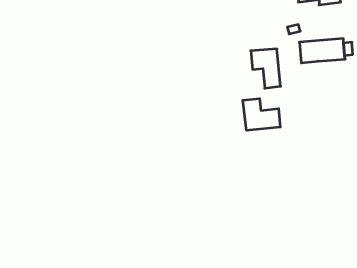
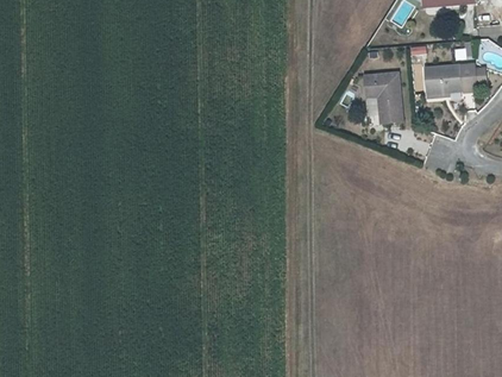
building: [243,99,280,130] -> none

